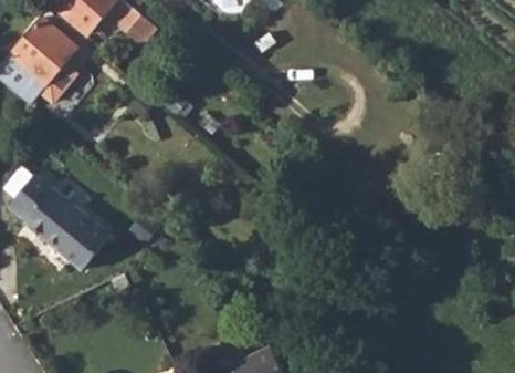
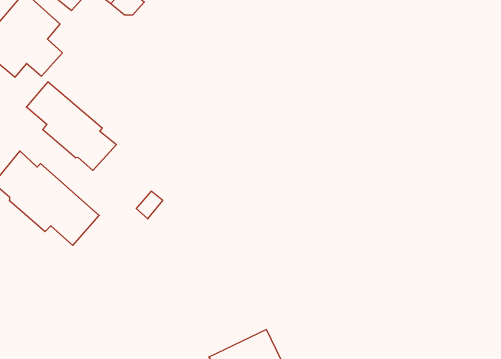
building: none -> [26,82,116,170]

